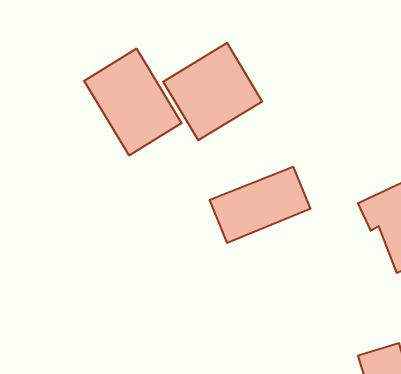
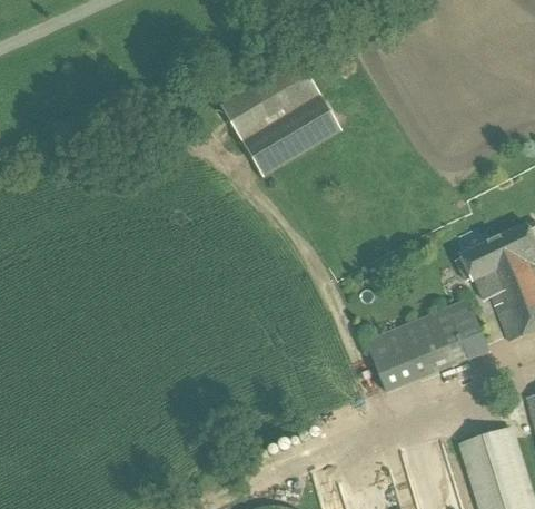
building: [84,49,182,155] -> none
building: [210,167,311,243] -> [365,298,489,392]

